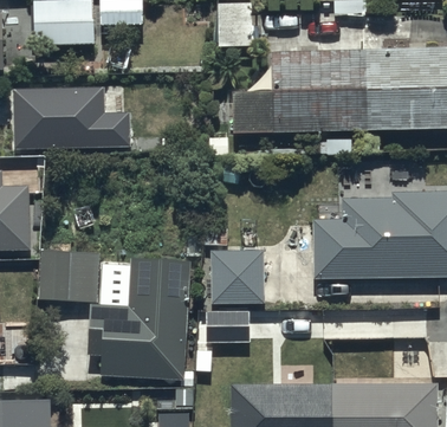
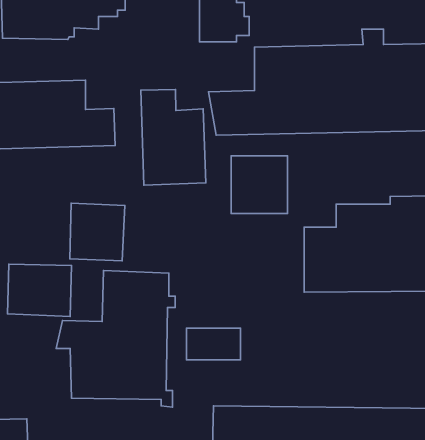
building: none -> [141,89,206,185]
building: none -> [70,203,125,261]
building: [209,251,261,304] -> [231,156,288,213]

